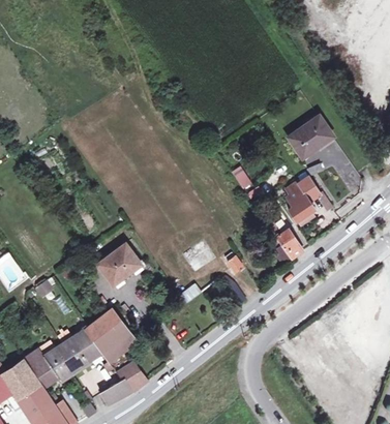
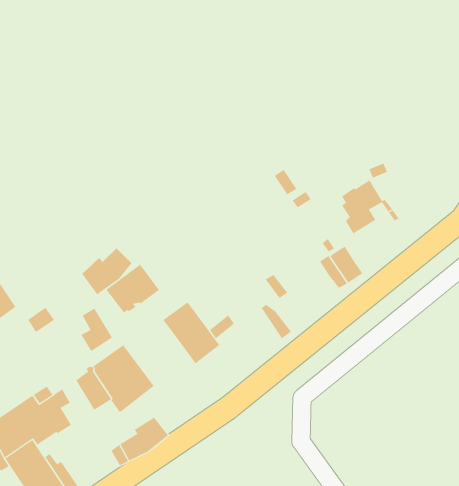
building: [290,116,333,156] -> none
building: none -> [81,248,132,295]
building: none -> [162,302,220,364]
building: [62,336,88,371] -> [81,308,113,352]

